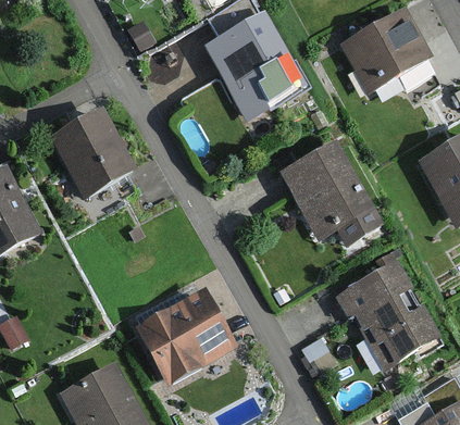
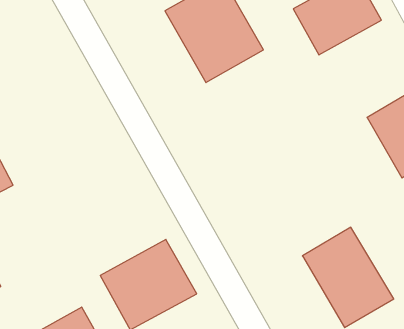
building: [48,107,134,197] -> none
building: [286,143,394,249] -> none

